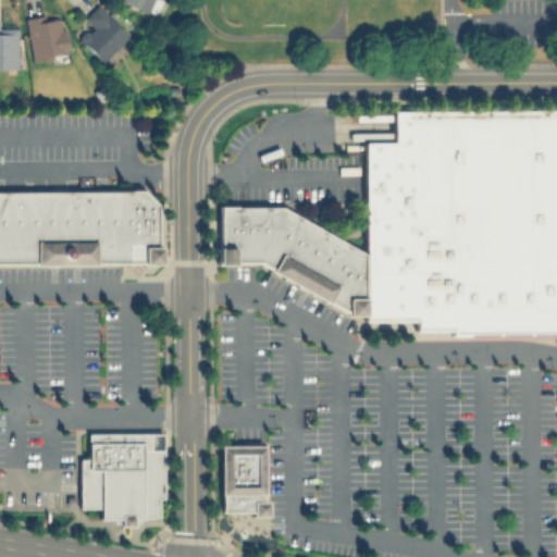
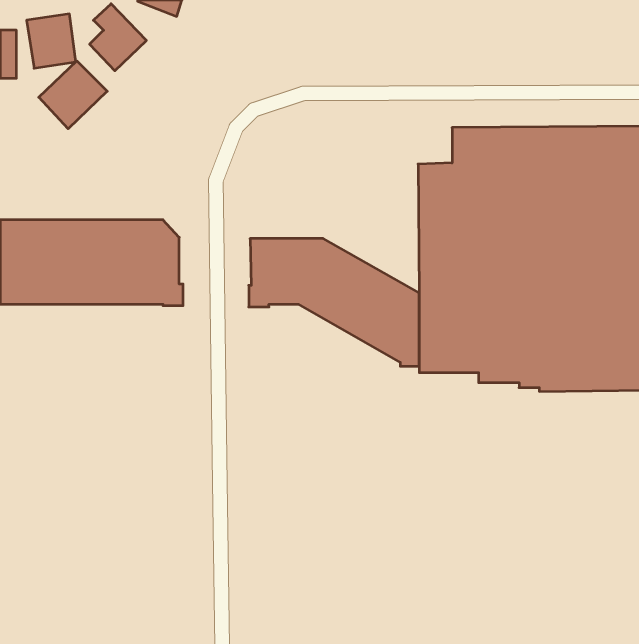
building: none -> [39,61,107,129]
building: [83,433,166,527] -> none
building: [223,445,271,516] -> none

